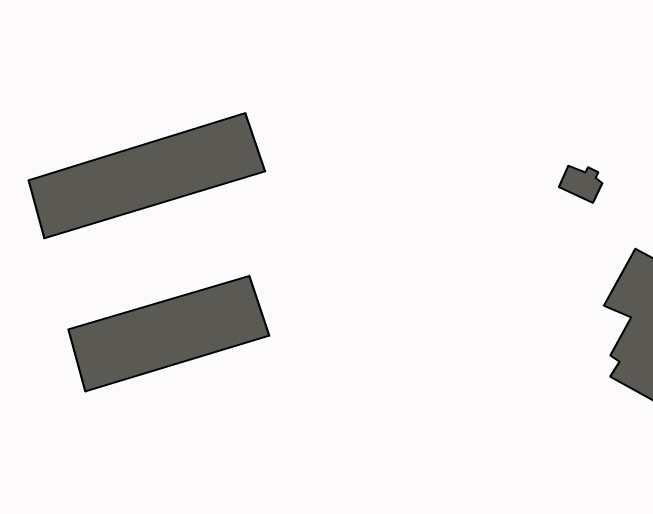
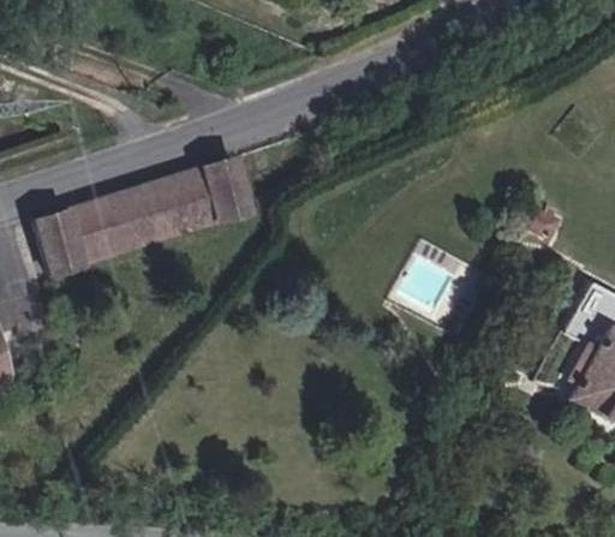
building: [68,276,269,392] -> none

